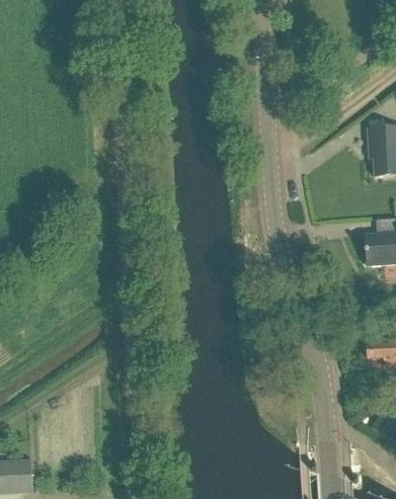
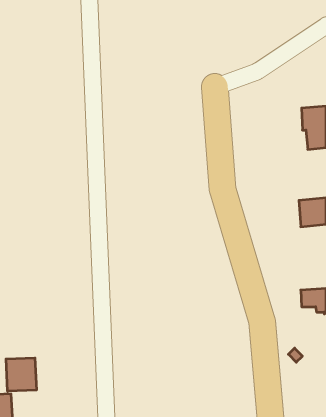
building: none -> [6,358,36,391]

